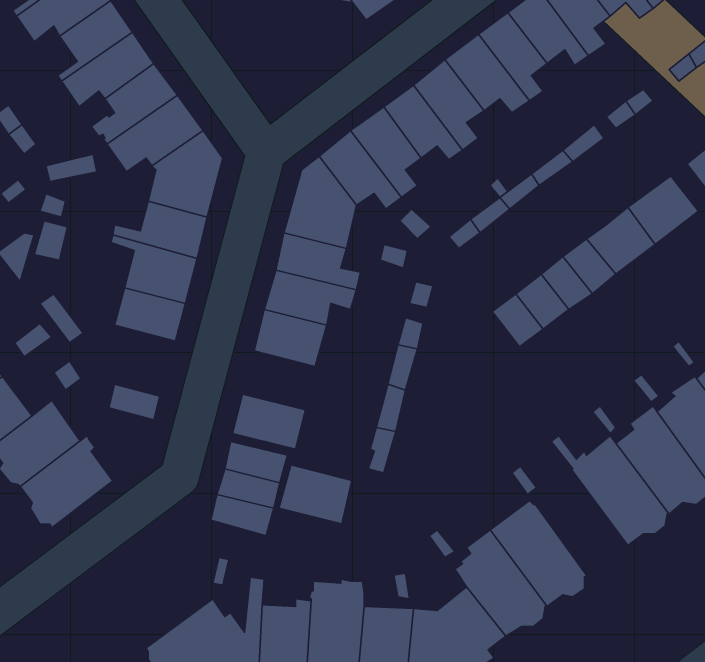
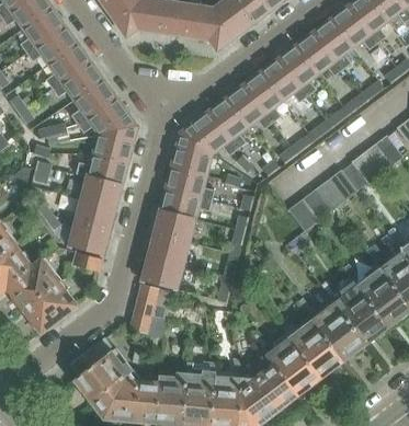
building: none -> [69,219,110,254]
building: [279,465,352,524] -> [147,233,188,266]
building: none -> [310,299,362,358]
building: none -> [70,337,130,399]

